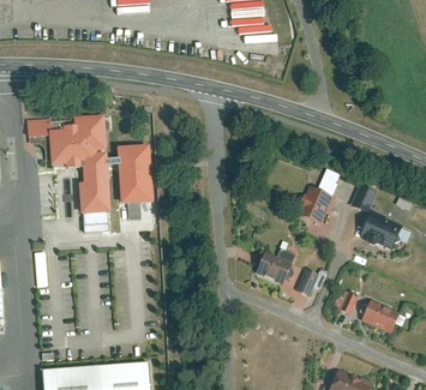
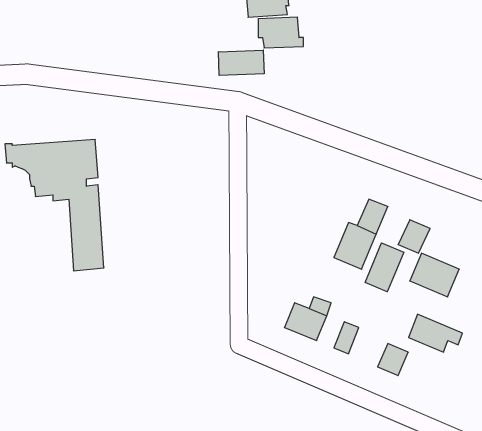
building: none -> [218,50,264,75]
building: [118,145,155,204] -> none
building: none -> [365,243,404,292]
building: [364,299,408,330] -> [409,314,462,352]

